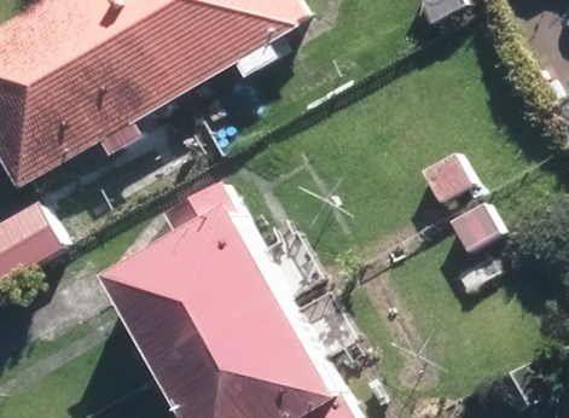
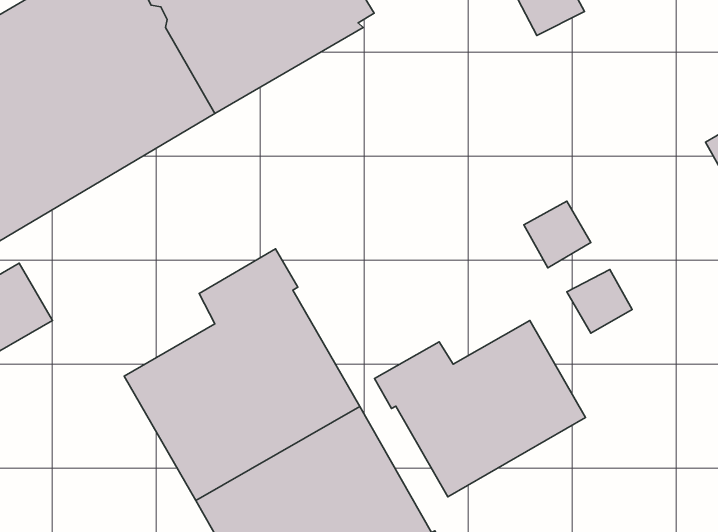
building: none -> [374,321,585,497]

